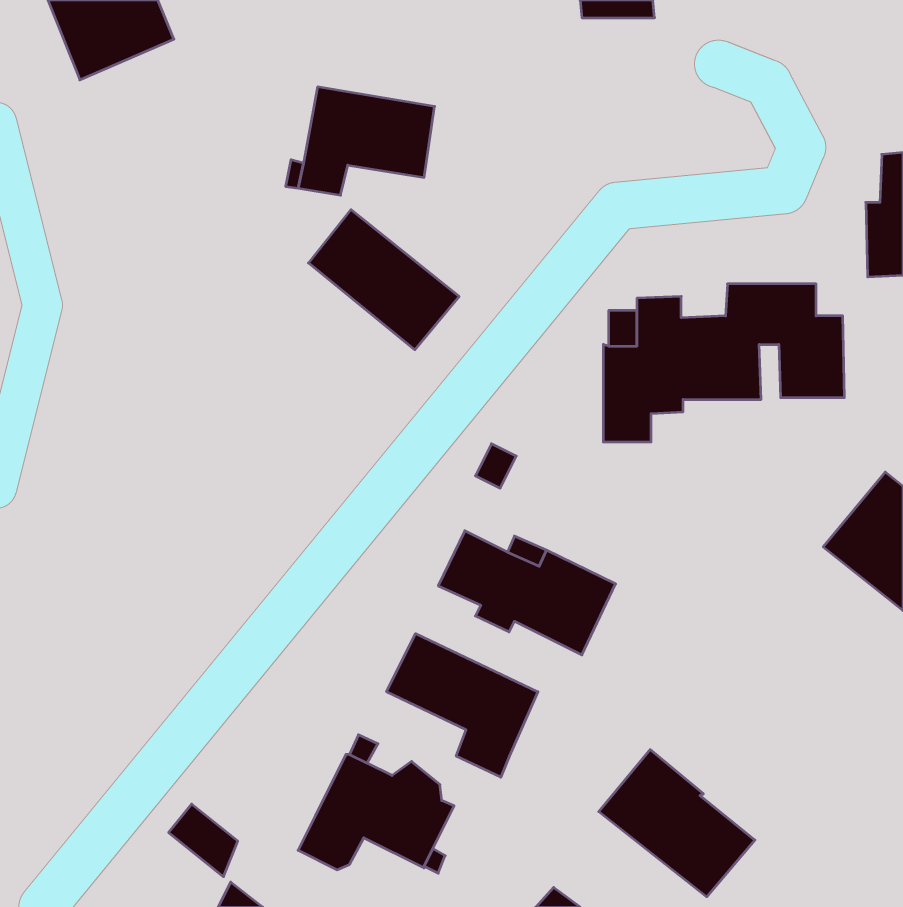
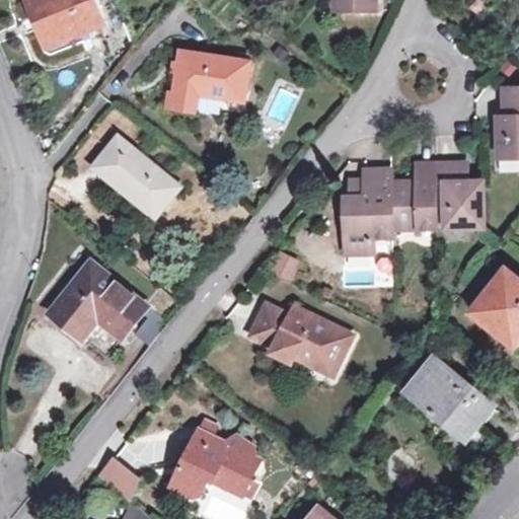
building: [308,210,459,350] -> [92,137,178,217]
building: none -> [50,264,146,339]
building: [387,634,538,777] -> none
building: [599,750,755,897] -> [404,356,494,440]

